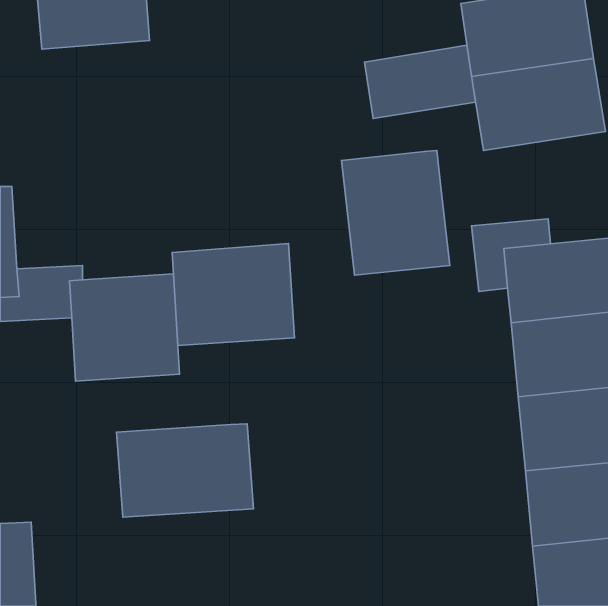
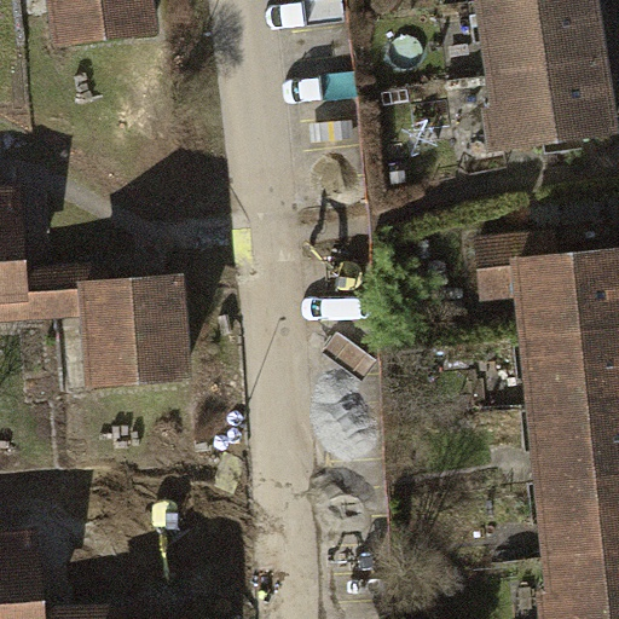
building: [365,45,475,118] -> none
building: [342,151,450,275] -> none
building: [172,243,294,346] -> none
building: [116,424,254,517] -> none

